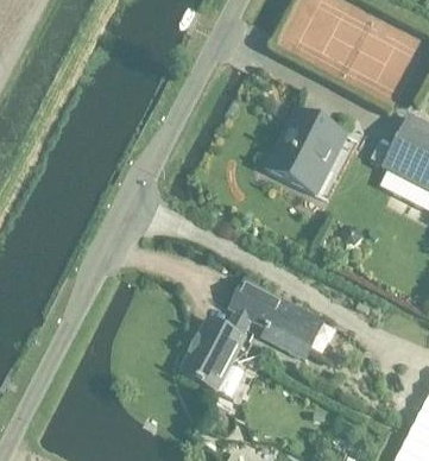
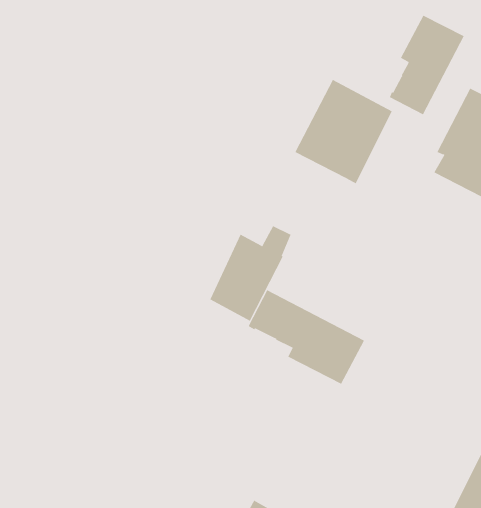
building: none -> [389,15,464,115]
building: [183,312,251,391] -> [209,225,293,322]

